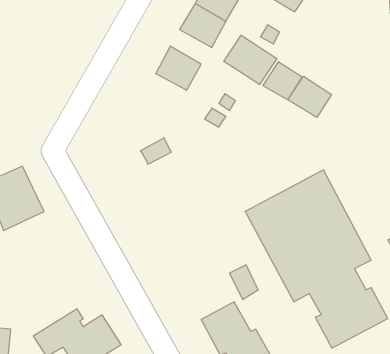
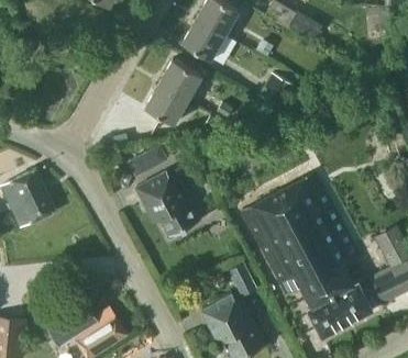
building: [224,35,277,85] -> none
building: none -> [144,85,187,125]
building: [288,76,331,117] -> none
building: none -> [134,172,199,237]

